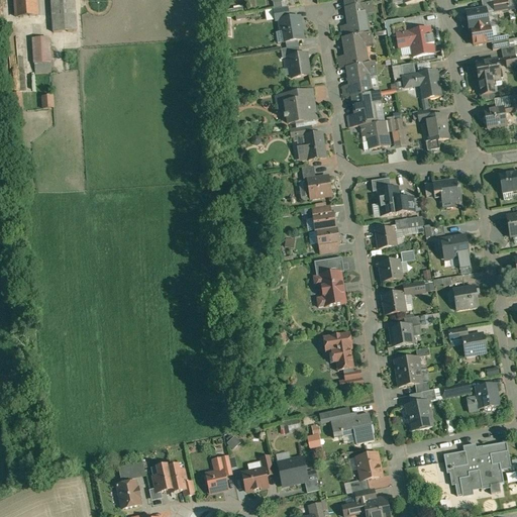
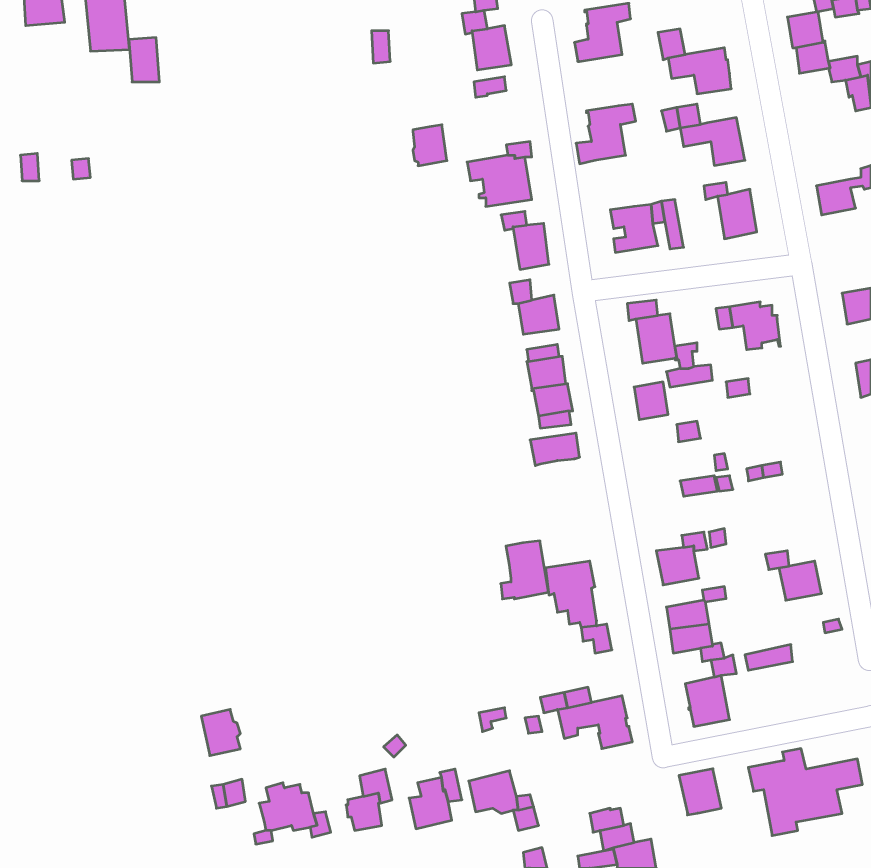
building: [337,32,373,67] -> none
building: [32,35,50,62] -> [129,38,159,82]
building: [289,53,309,77] -> [413,125,447,166]
building: [476,58,501,94] -> none
building: [346,91,382,126] -> none
building: [440,233,472,267] -> none
building: [379,258,402,281] -> none
building: [317,272,345,306] -> [501,541,548,599]
building: [452,285,479,309] -> none
building: [383,291,406,314] -> none
building: [467,383,500,411] -> none
building: [356,452,382,480] -> [679,769,721,815]
building: [117,481,140,508] -> [201,709,240,756]

